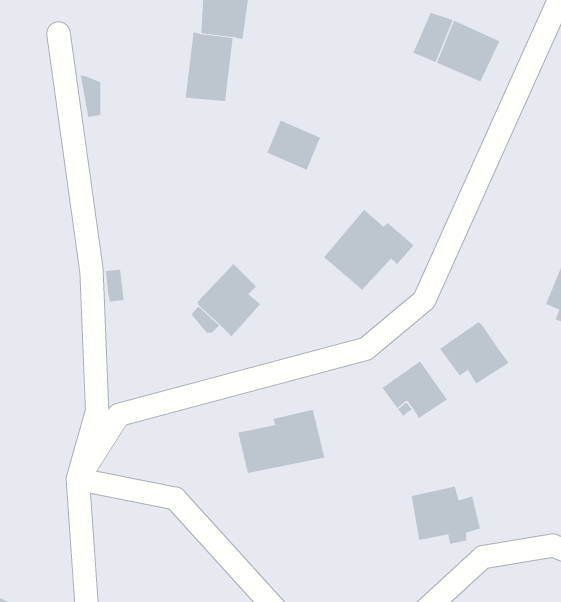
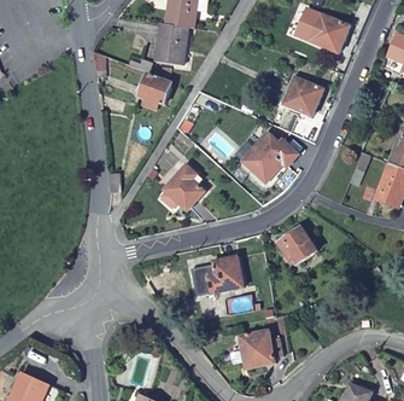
building: none -> [283,75,323,115]
building: [266,120,321,170] -> [136,71,170,103]
building: [439,321,509,384] -> none
building: [411,486,481,544] -> [239,330,282,366]

